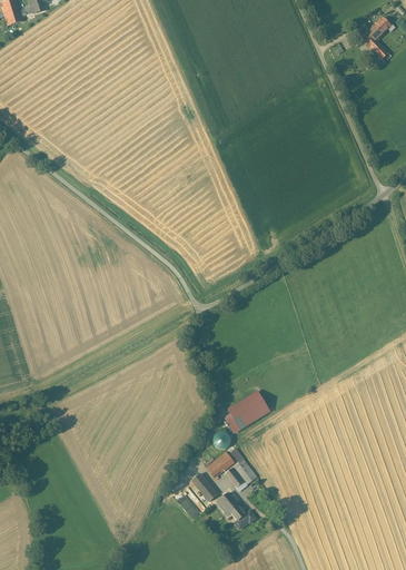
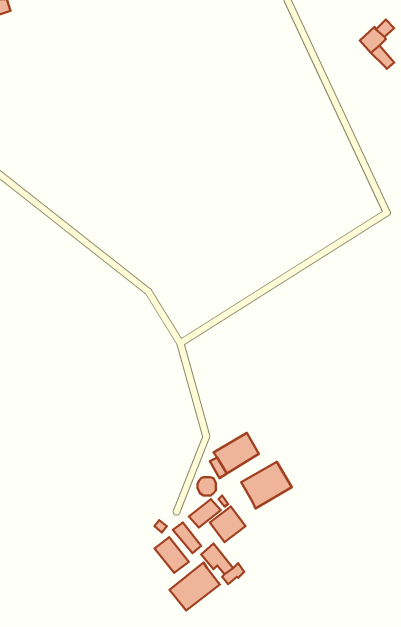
building: none -> [241,462,292,509]
building: none -> [170,562,220,610]

